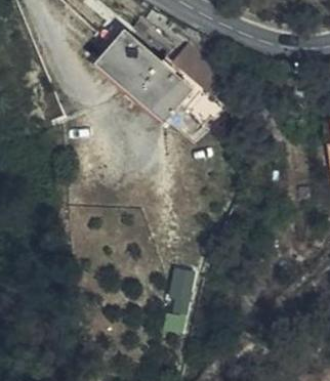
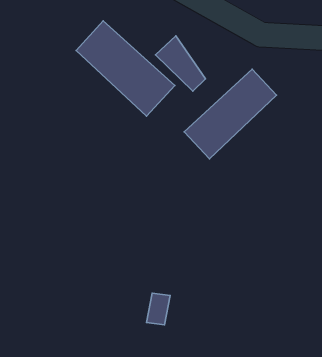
building: none -> [184,69,276,159]

